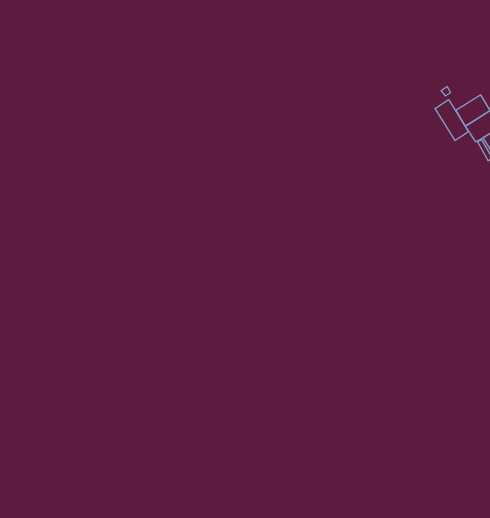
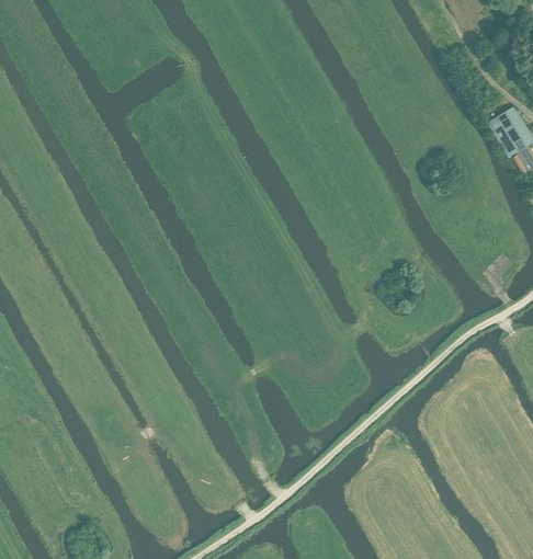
building: [435,100,469,141] -> none

